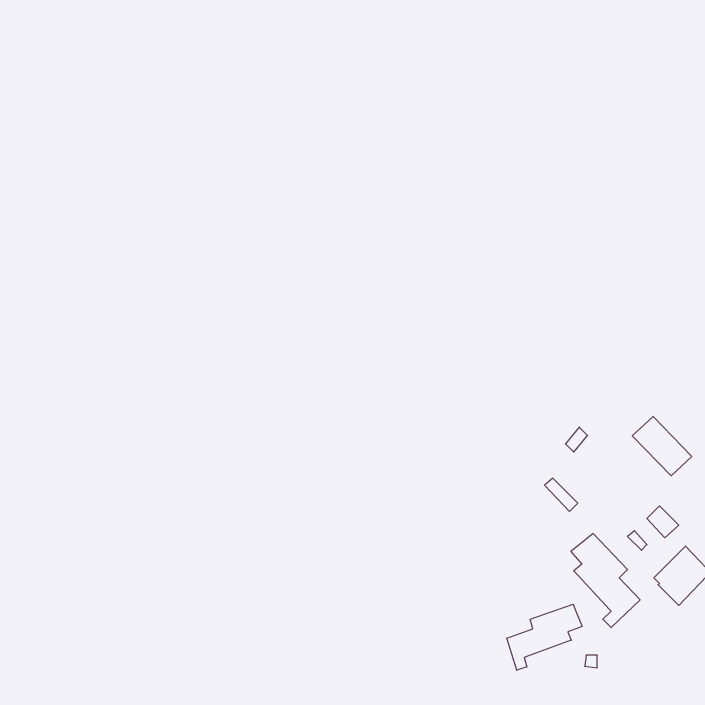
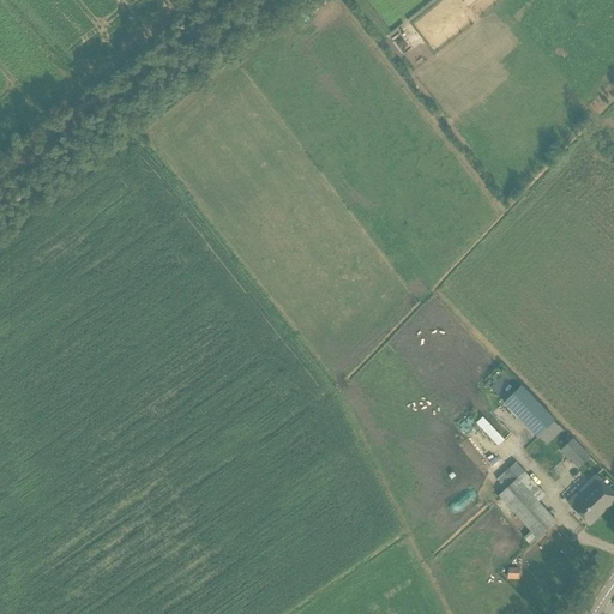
building: [632,416,692,476] -> [504,385,555,437]
building: [507,604,582,670] -> none

